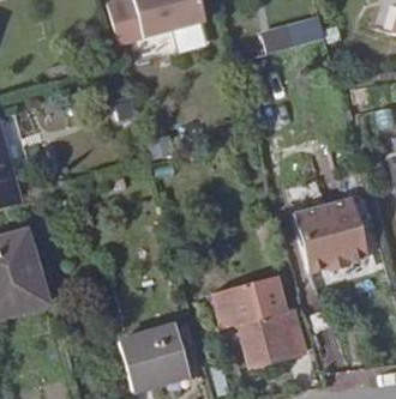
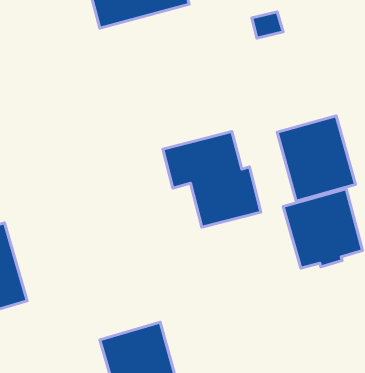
building: none -> [277,116,356,201]
building: [211,276,305,367] -> [163,132,261,227]

